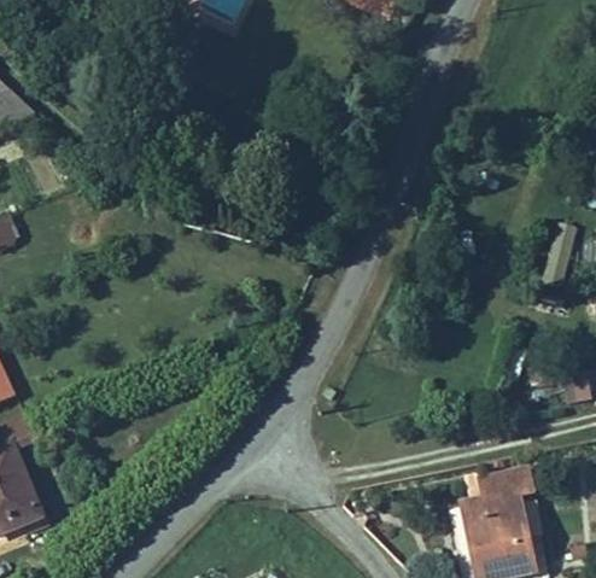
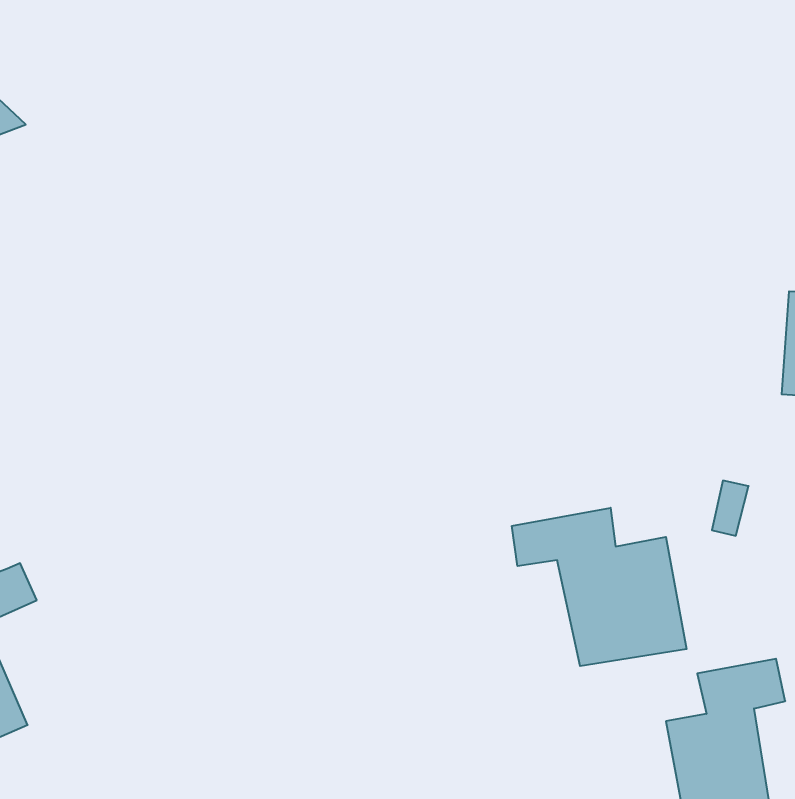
building: none -> [512,508,687,666]

